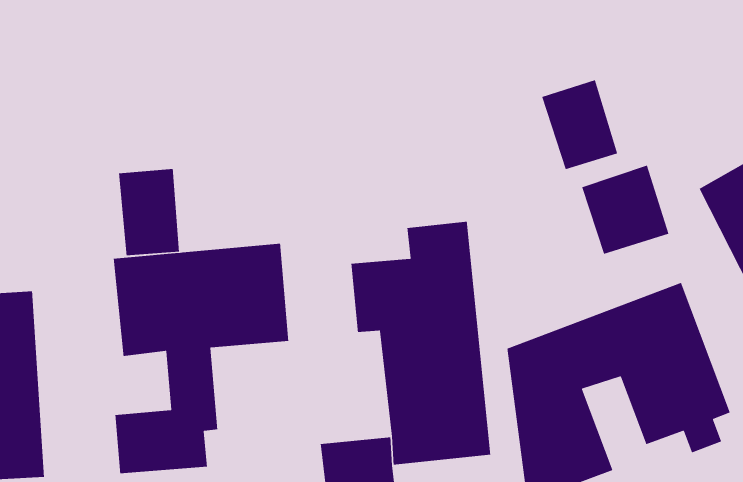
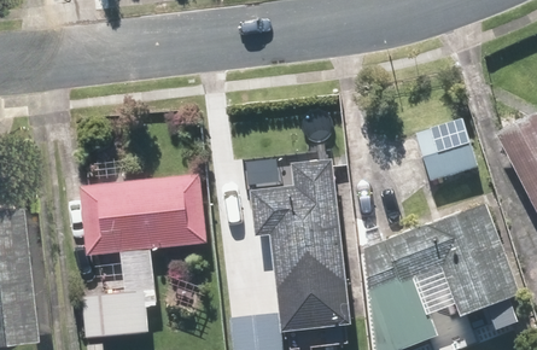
building: [541,79,618,170] -> none
building: [118,168,180,256] -> none

